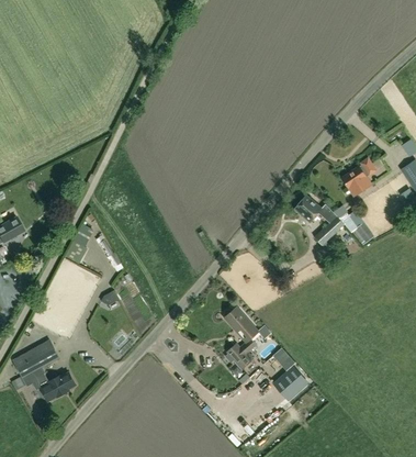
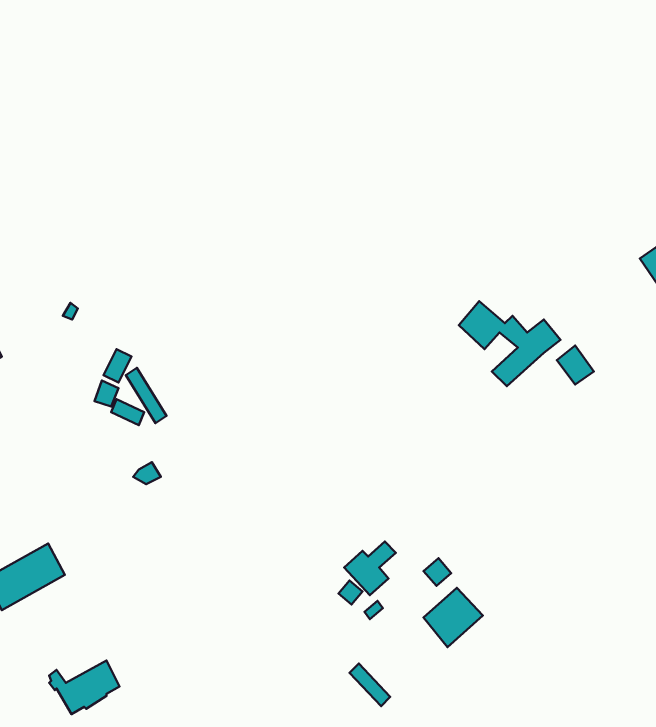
building: [342,158,376,196] -> none
building: [225,306,259,336] -> none
building: [35,369,77,401] -> [49,661,119,714]

